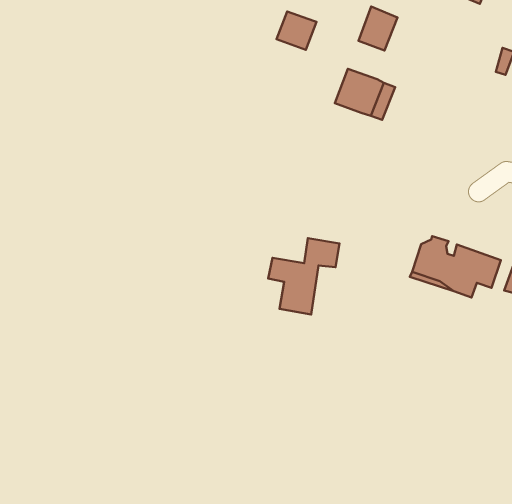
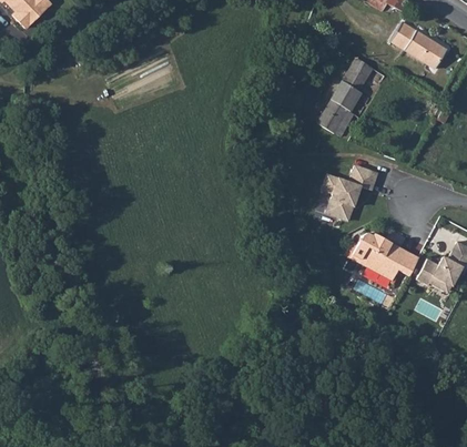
building: [276,11,317,50] -> [331,81,362,111]
building: [268,238,339,314] -> [323,164,378,220]

